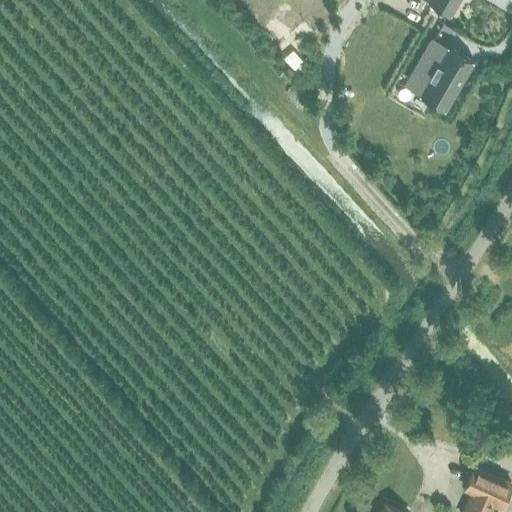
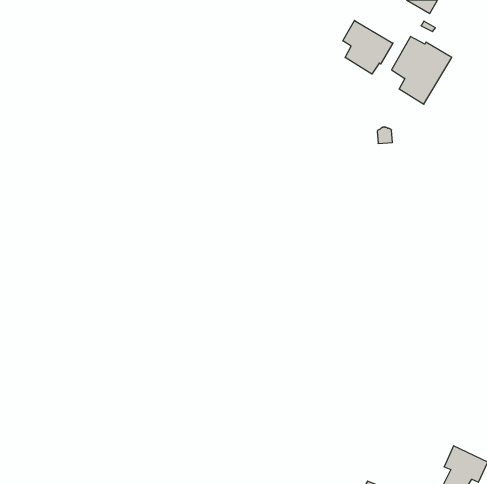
building: none -> [343,20,393,74]

